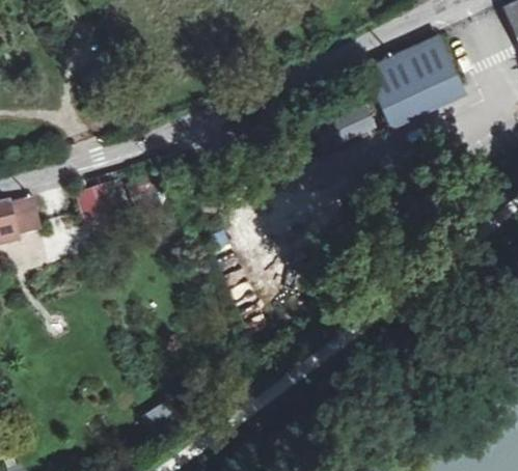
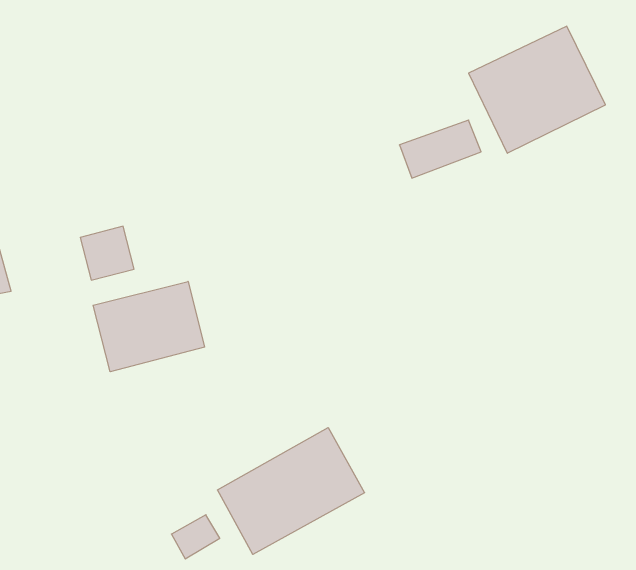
building: none -> [93,281,205,372]
building: none -> [217,428,365,554]

